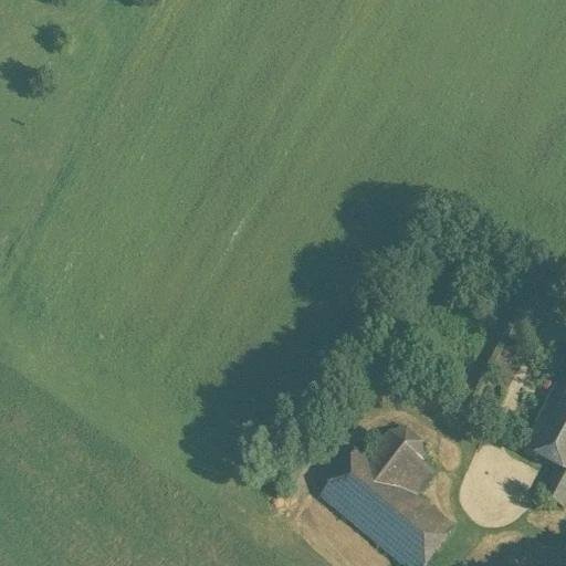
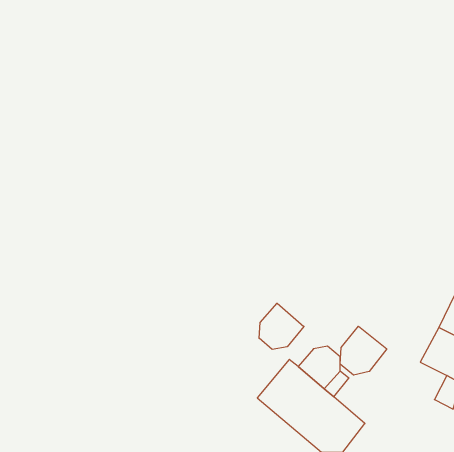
building: none -> [259,303,304,349]
building: none -> [340,326,387,375]

